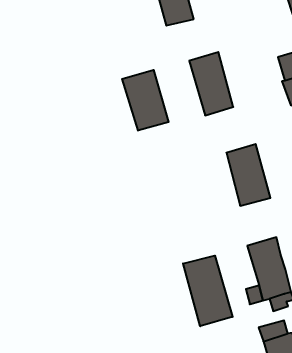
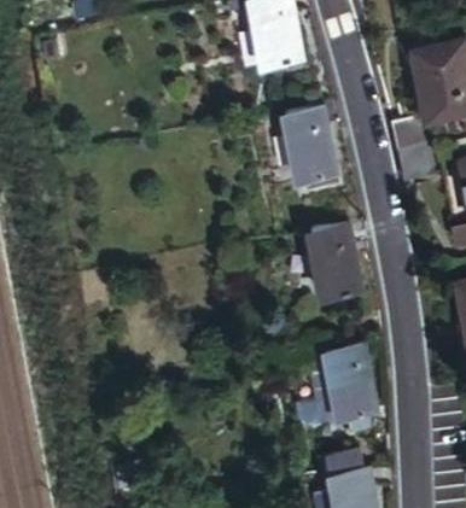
building: [122,70,169,131] -> none
building: [183,256,233,326] -> none

